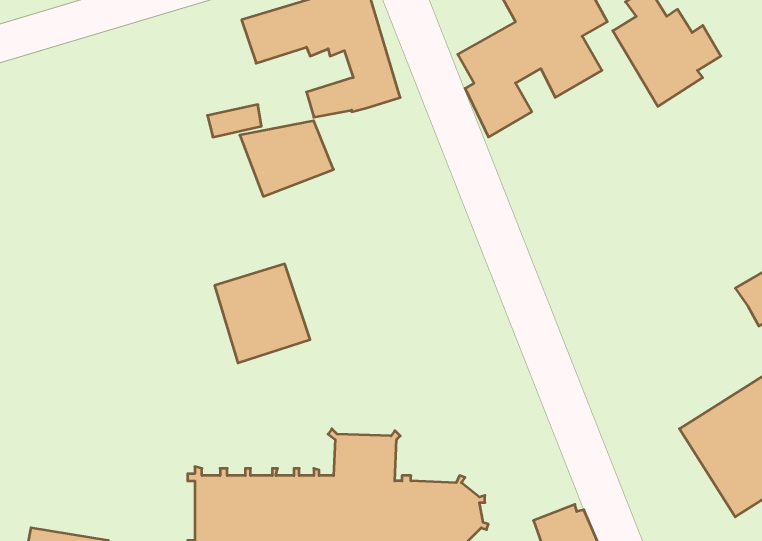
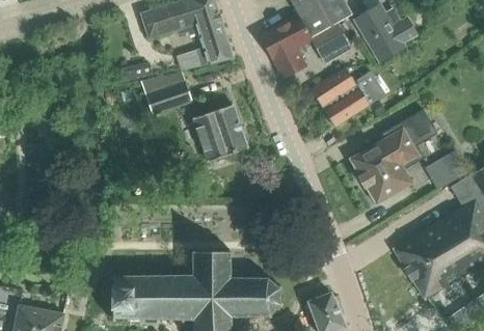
building: none -> [311,66,380,126]
building: none -> [351,109,431,204]
building: [215,264,310,363] -> [193,105,248,162]

